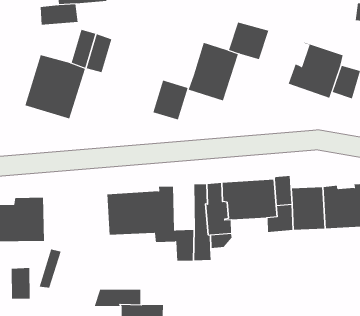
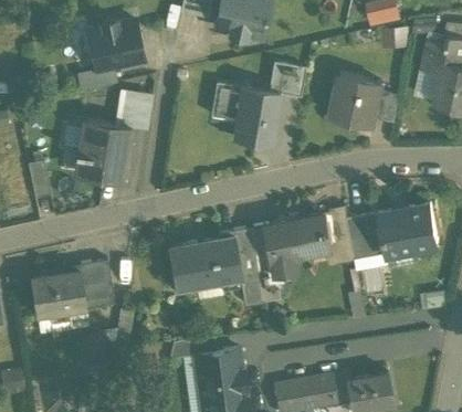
building: [152,80,188,120] -> [210,83,242,120]
building: none -> [232,228,258,275]

